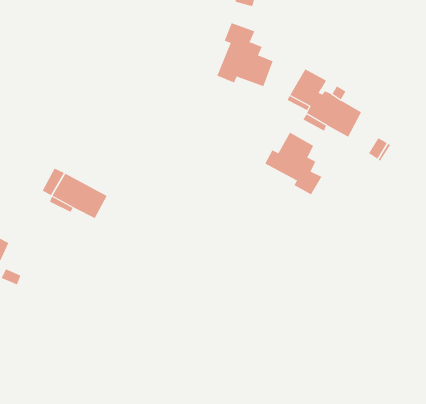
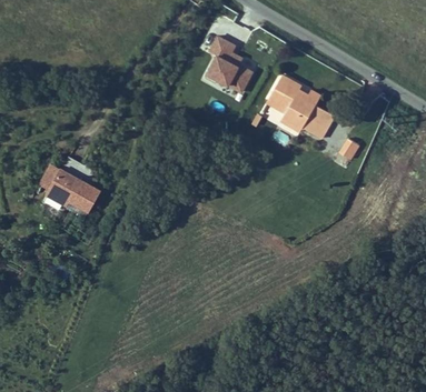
building: [265,132,322,195] -> none

